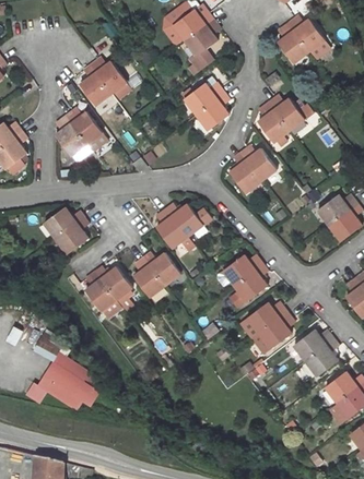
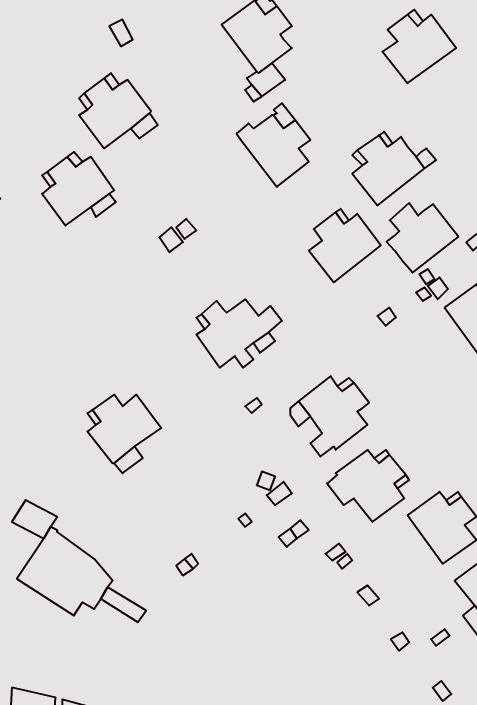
building: none -> [387,203,458,273]
building: [43,207,89,254] -> none
building: [132,252,180,298] -> none

